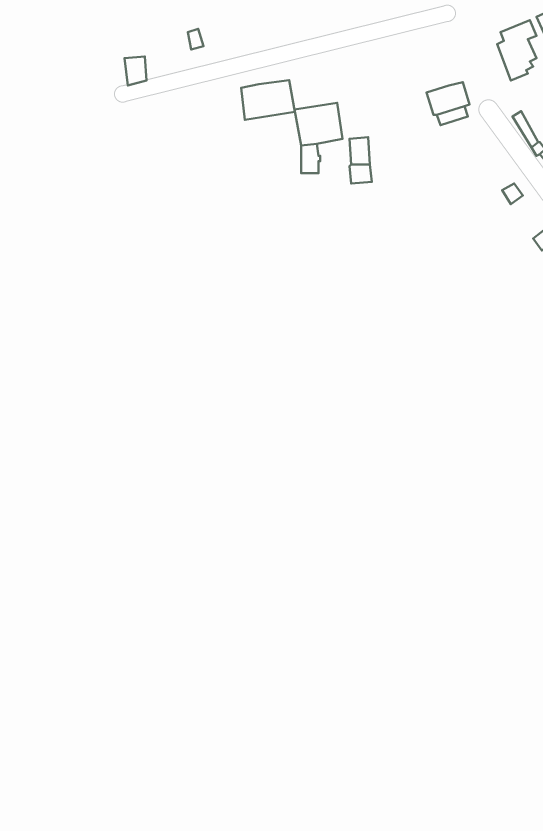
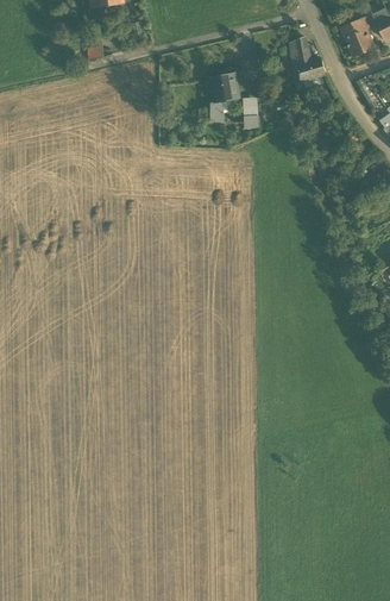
building: none -> [291,36,313,83]
building: [241,80,295,120] -> none

